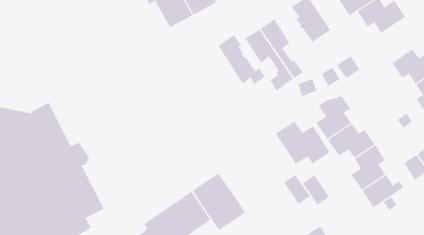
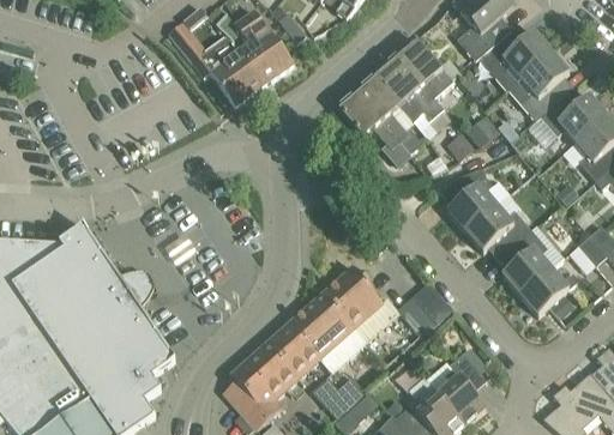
building: none -> [507,52,568,120]
building: [218,34,266,85] -> [374,56,444,122]
building: [275,121,331,165] -> none
building: none -> [324,266,383,327]
building: [302,174,330,206] -> [397,295,437,337]

